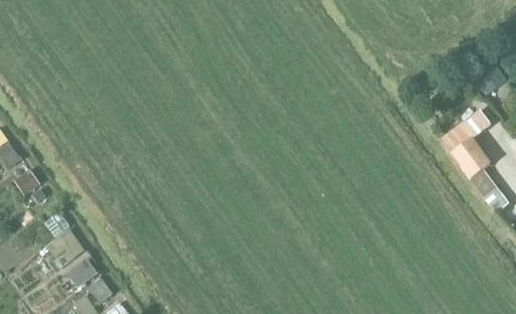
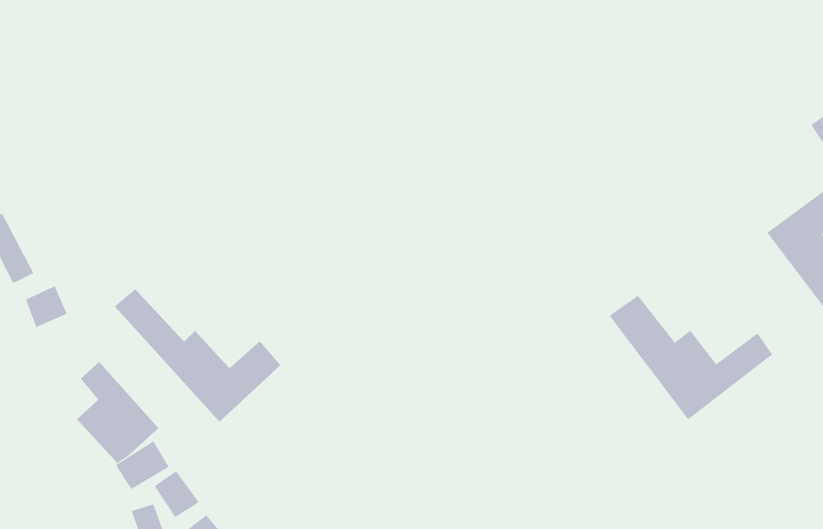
building: none -> [114,288,281,423]
building: none -> [609,295,773,420]

